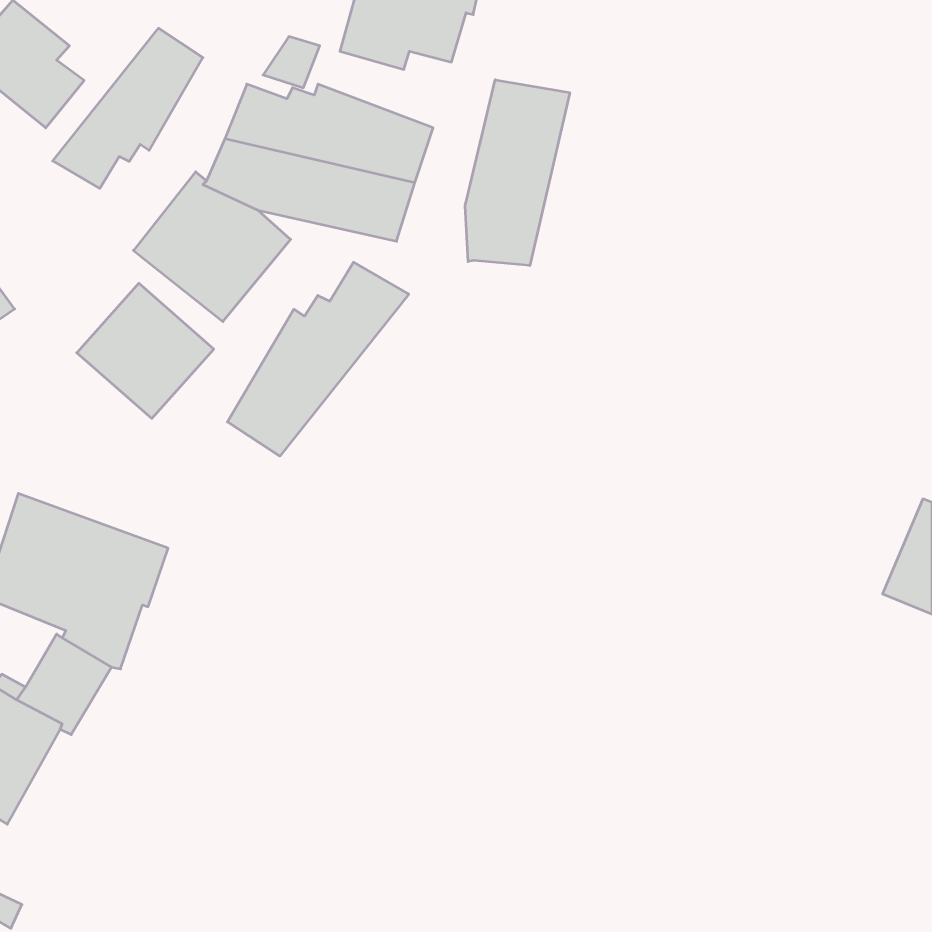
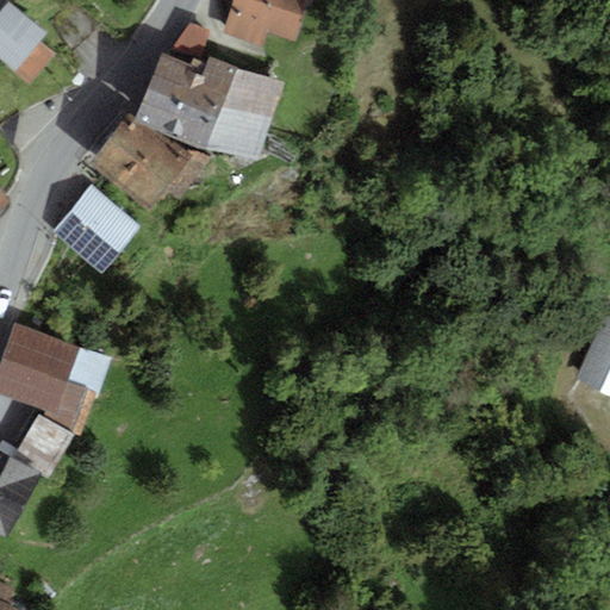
building: [53,28,203,188] -> none
building: [465,80,570,266] -> none
building: [227,262,409,456] -> none

